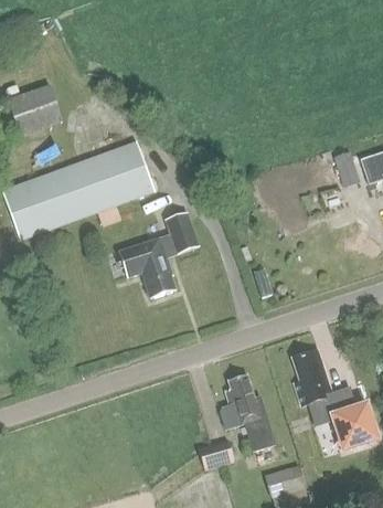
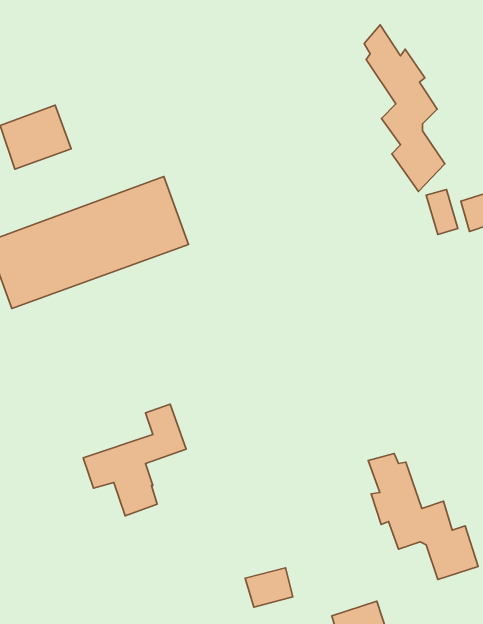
building: none -> [364,25,445,192]
building: [119,212,198,297] -> [83,404,186,516]
building: [221,374,275,451] -> none

